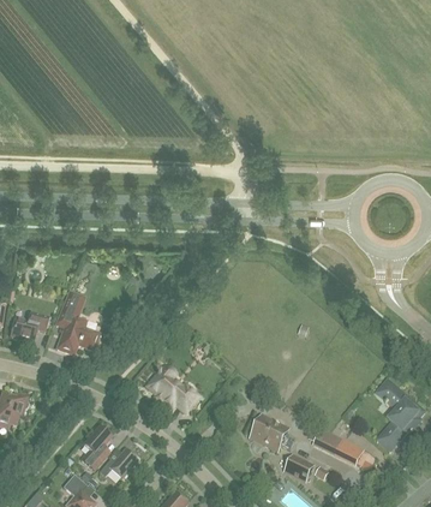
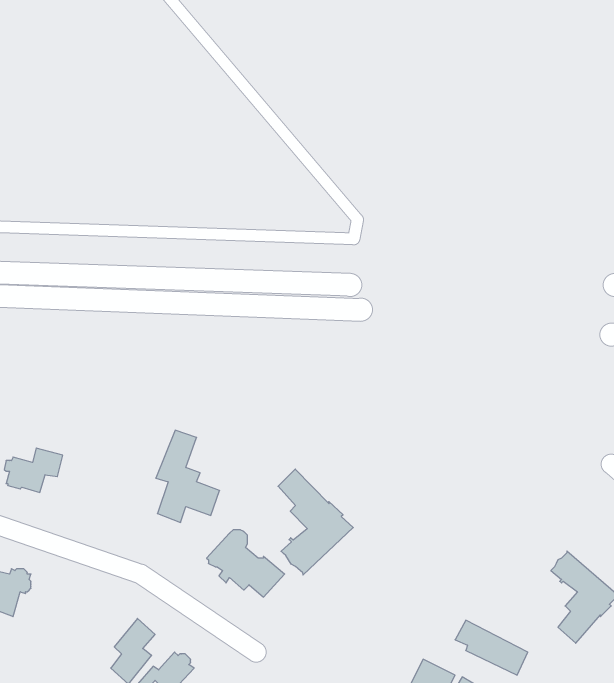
building: [55,292,98,354] -> [156,430,220,522]
building: none -> [278,469,353,575]
building: [250,414,288,451] -> none

